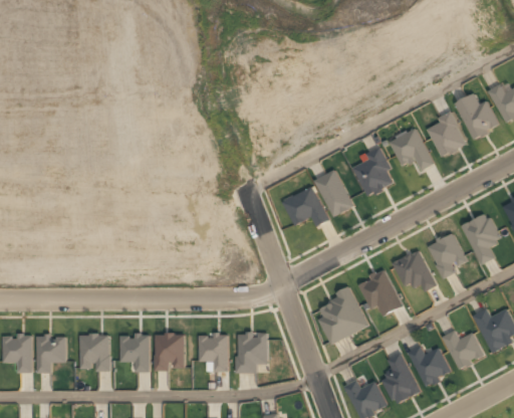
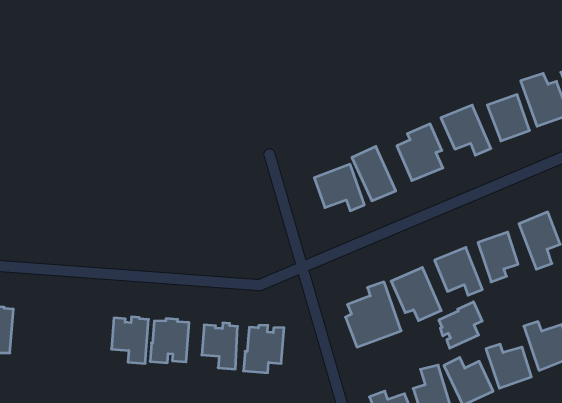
building: none -> [439,302,482,348]
building: [79,332,110,371] -> none
building: [37,333,66,373] -> none

